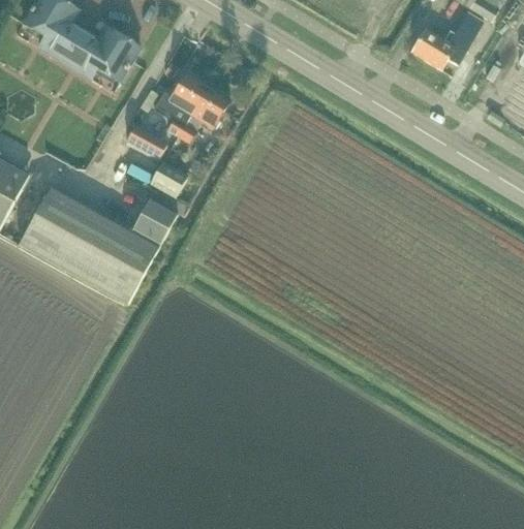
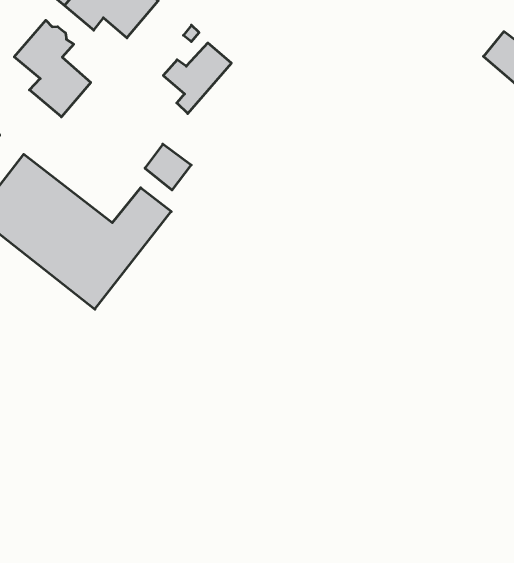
building: none -> [14,20,91,117]
building: [178,87,228,139] -> none
building: [126,122,166,155] -> none

